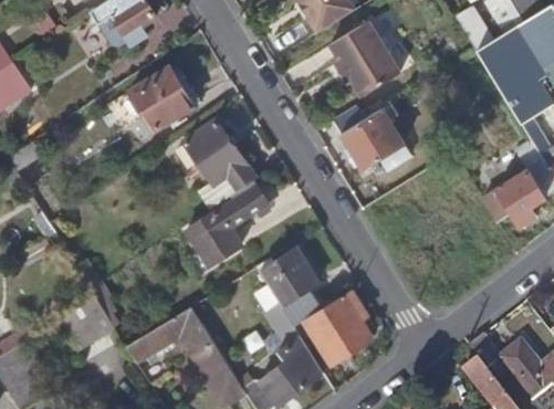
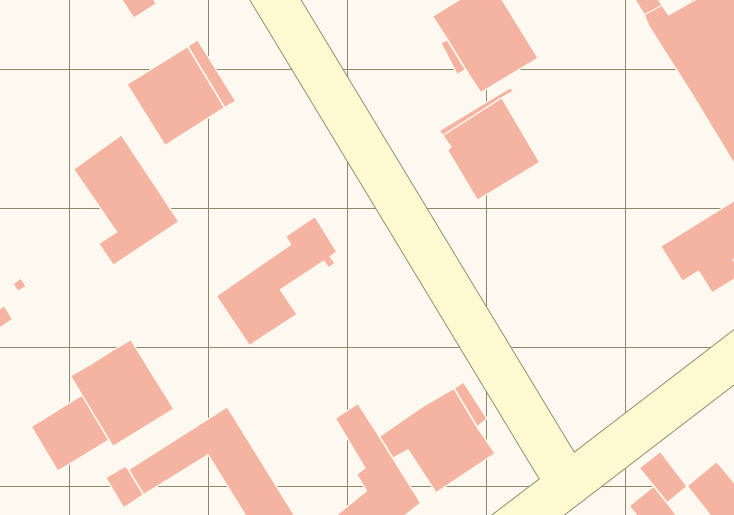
building: [181,119,252,207] -> [74,135,179,265]
building: [260,247,323,325] -> none
building: none -> [70,340,174,447]

